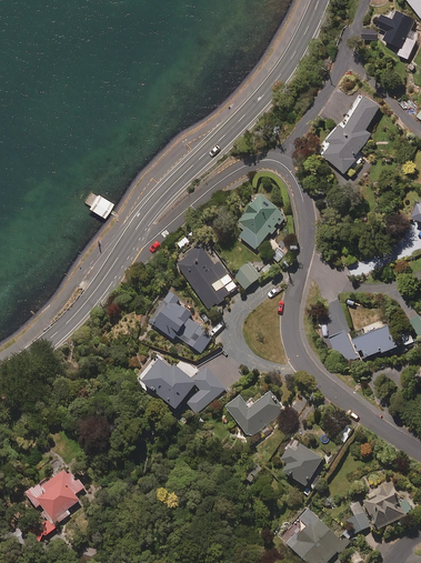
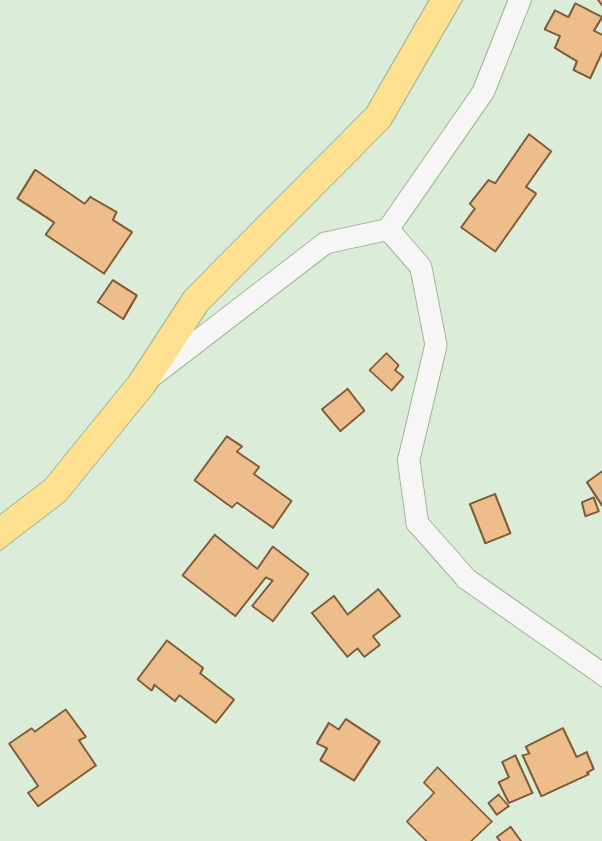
building: none -> [17,170,132,274]
building: [234,194,284,248] -> none
building: [174,243,237,308] -> none
building: [353,325,398,356] -> none
building: none -> [138,640,234,723]
building: [280,446,321,486] -> [317,719,380,780]

